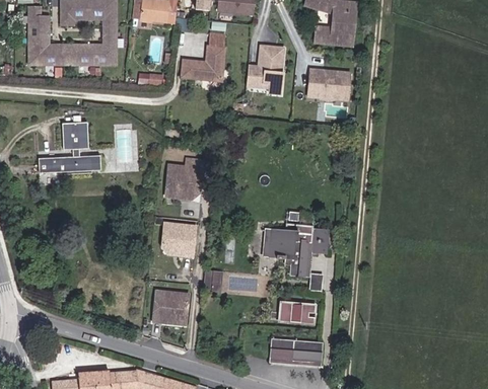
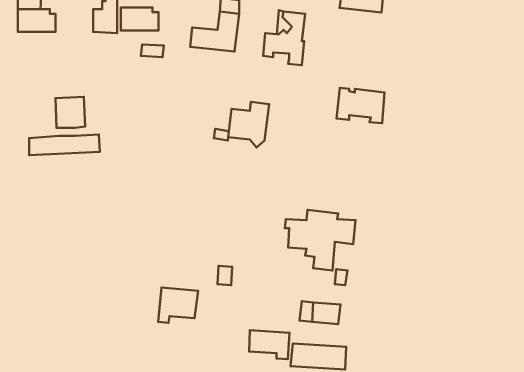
building: [62,44,95,64] -> [121,8,158,30]
building: [307,69,350,100] -> [337,88,384,123]
building: [166,158,203,199] -> [228,102,269,147]
building: [162,223,196,255] -> none
building: none -> [249,330,289,359]

